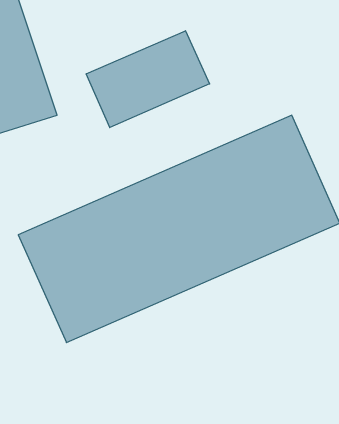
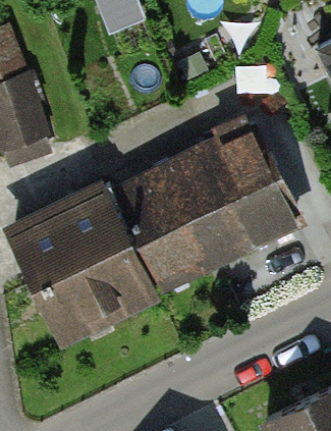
building: [86,31,210,128] -> none

